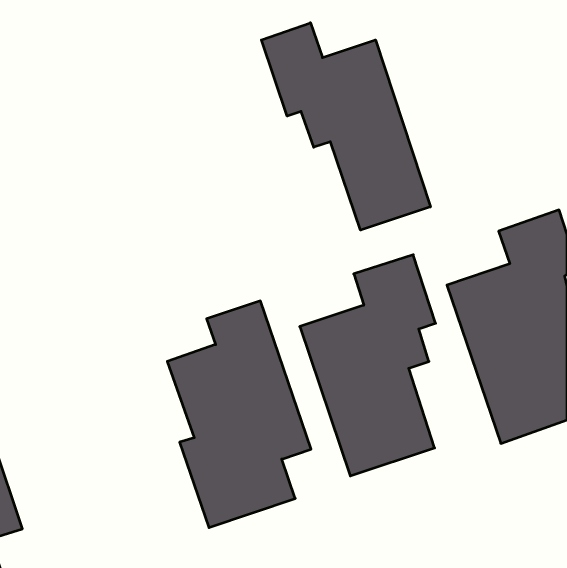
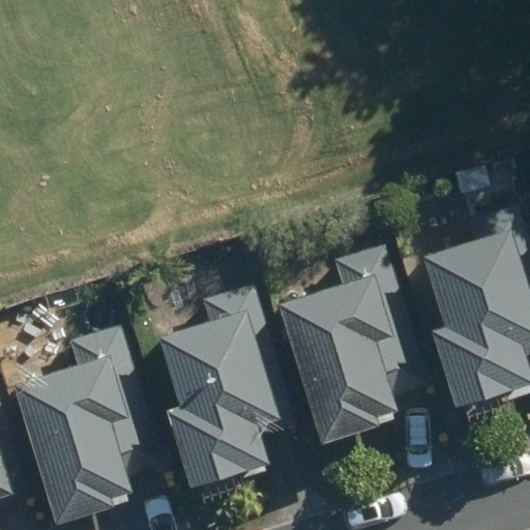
building: [261,23,430,230] -> none
building: none -> [13,329,141,524]

